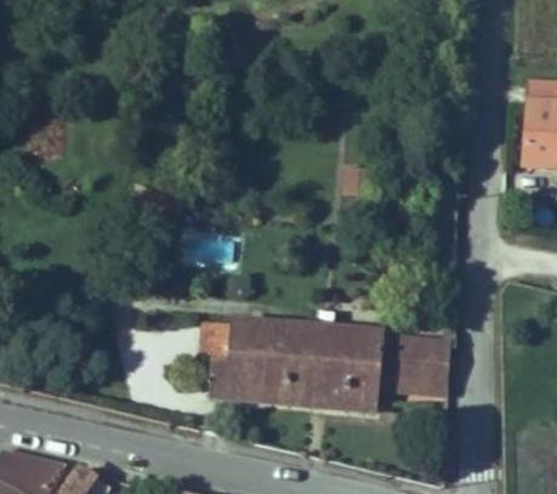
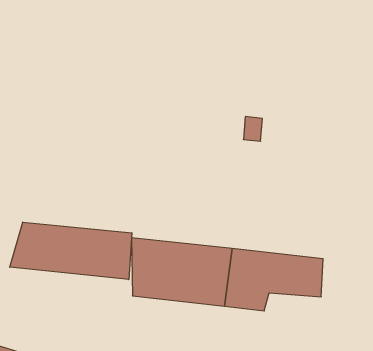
building: none -> [10,222,132,280]

